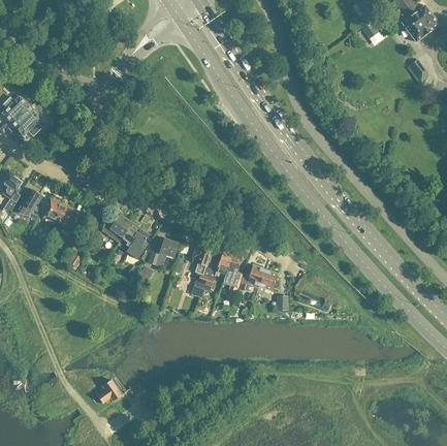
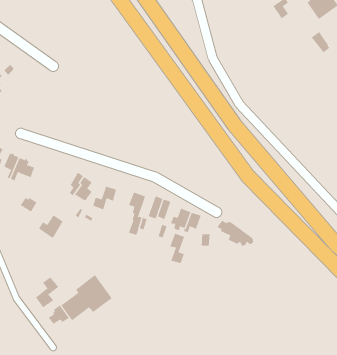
building: [100,214,130,243] -> [38,215,64,239]
building: none -> [169,233,185,264]
building: none -> [61,274,113,321]
building: none -> [35,277,59,308]

